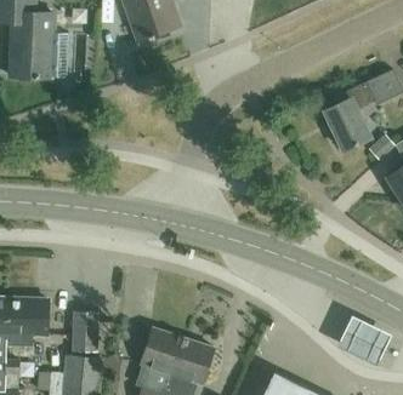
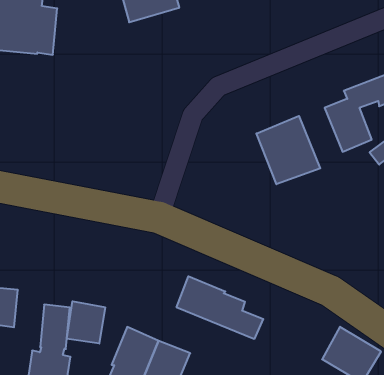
building: none -> [256,116,320,184]
building: none -> [177,276,263,339]
building: none -> [67,301,105,344]

